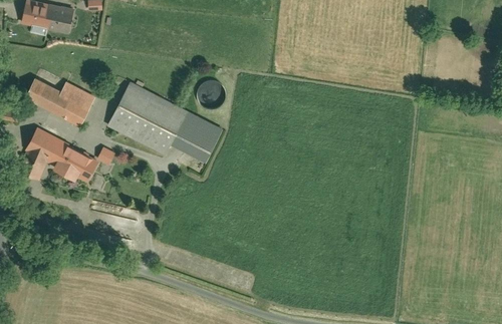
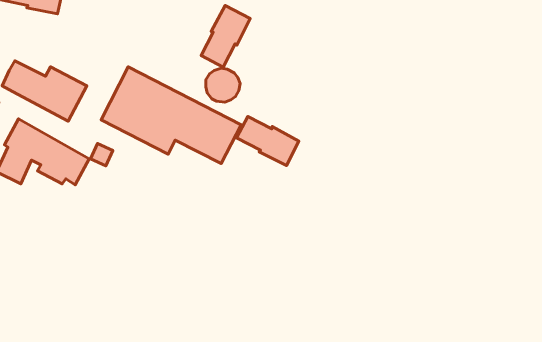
building: none -> [201,6,250,67]
building: none -> [237,116,299,165]

